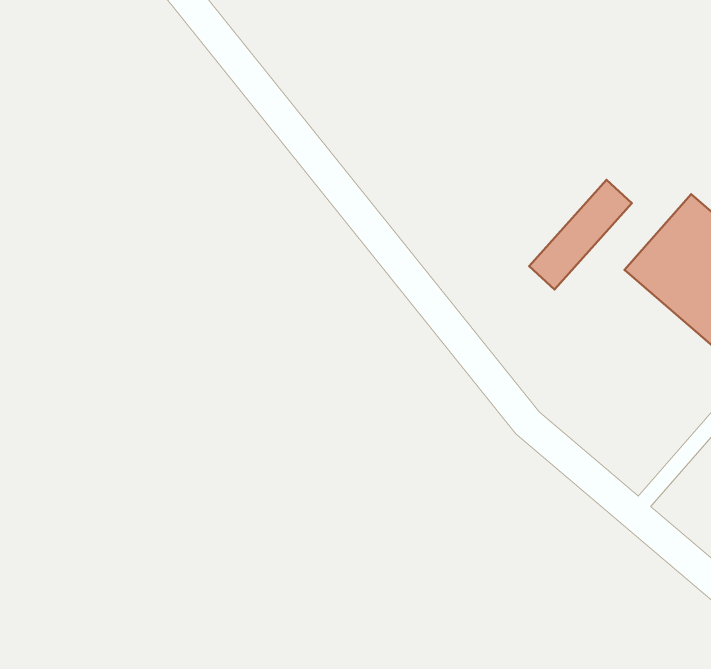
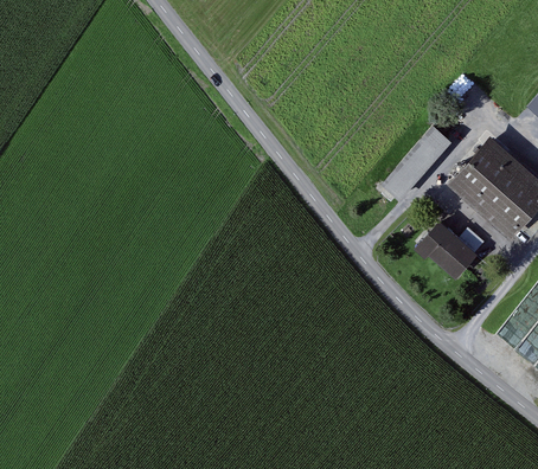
building: none -> [422,225,488,280]

